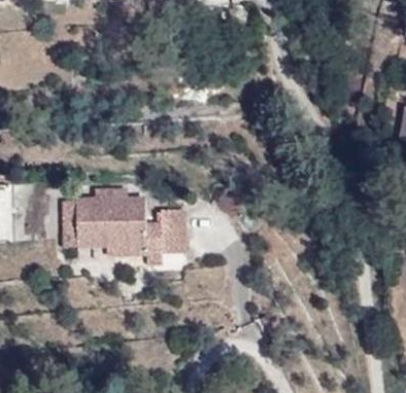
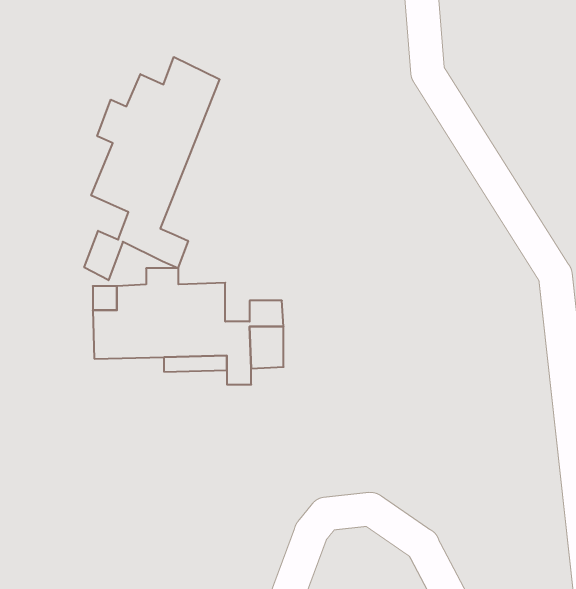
building: none -> [84,57,220,280]

